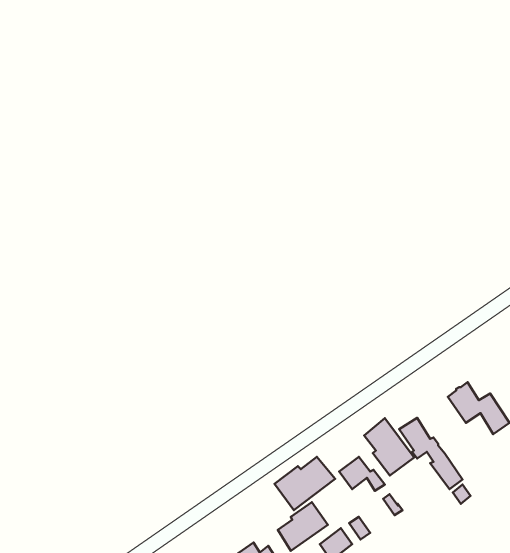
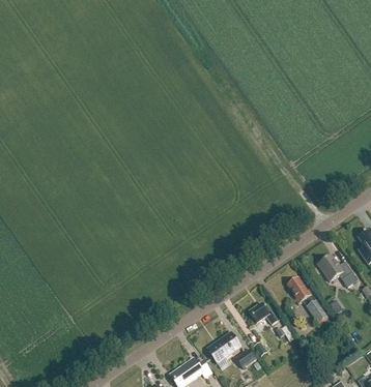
building: [364,418,414,475] -> none
building: [275,457,335,510] -> none

